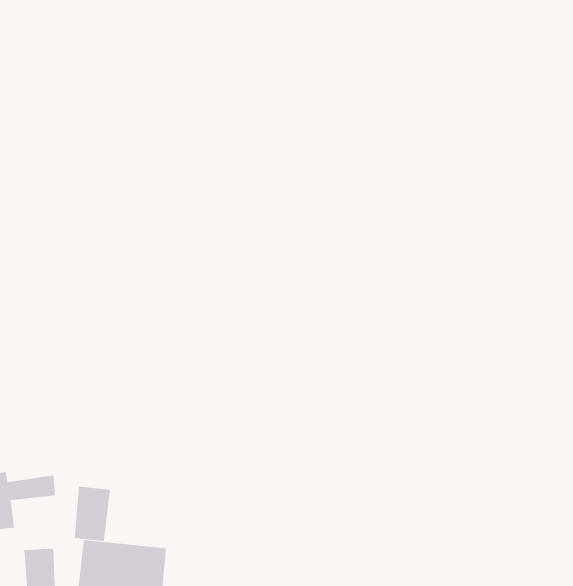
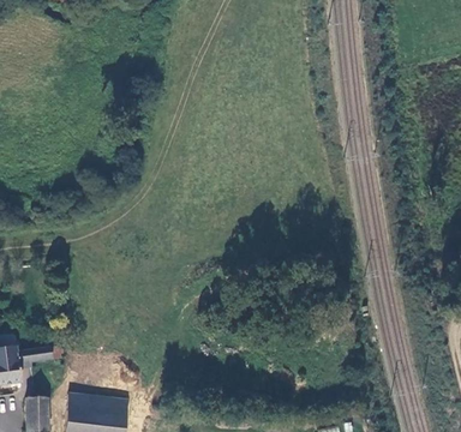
building: [74,486,110,542] -> none

